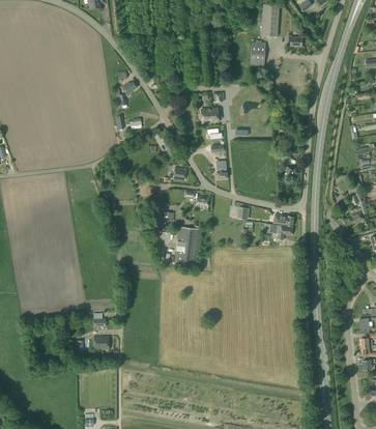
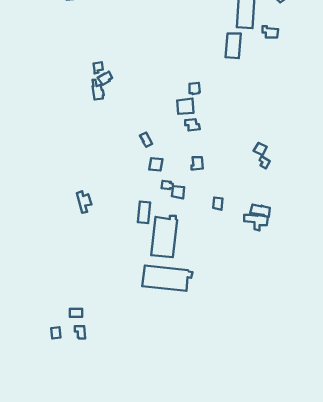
building: none -> [142,266,192,291]

